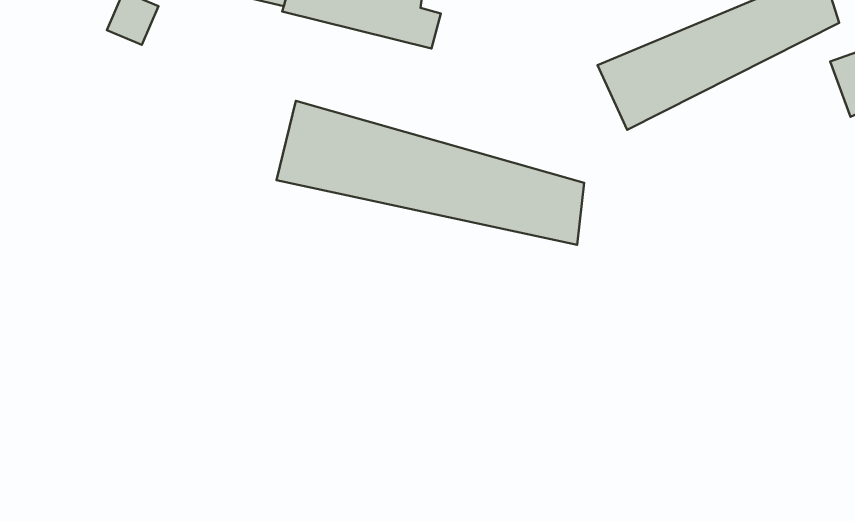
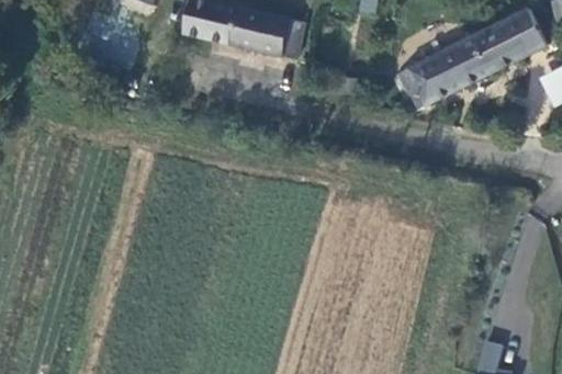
building: [276,101,584,245] -> none

